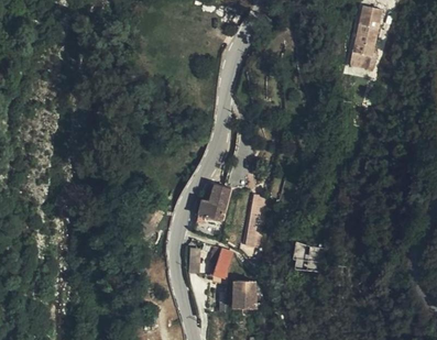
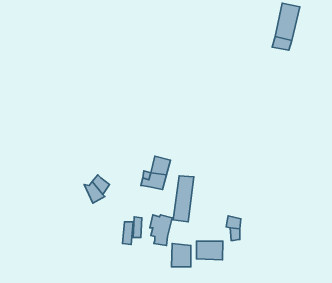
building: none -> [196,241,223,260]

